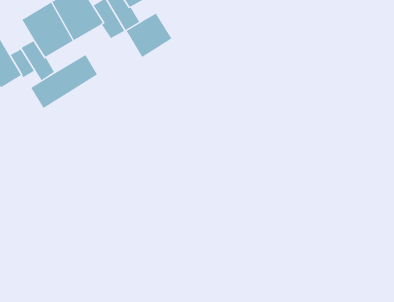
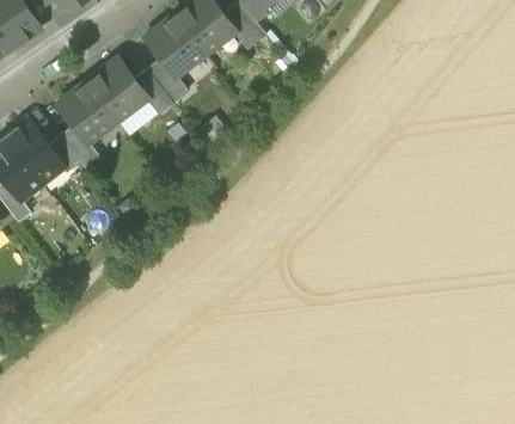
building: [126,13,172,58] -> none
building: [31,54,98,109] -> none

